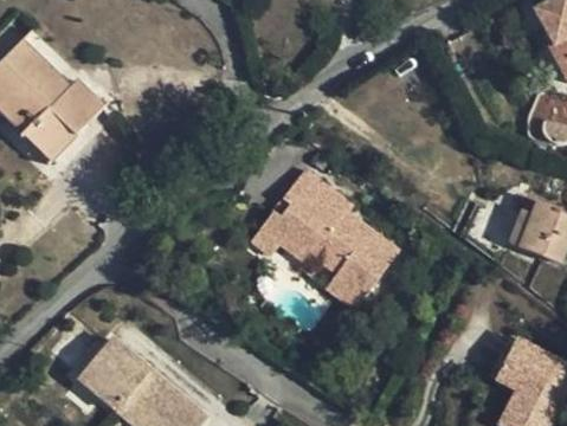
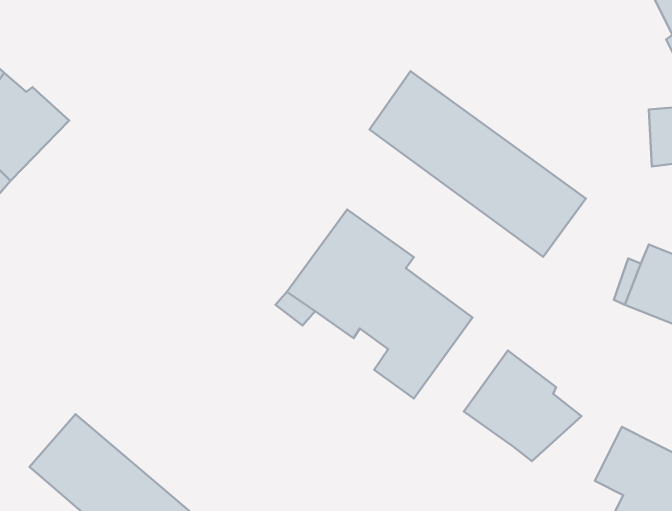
building: none -> [369,71,586,257]
building: none -> [464,350,581,461]

